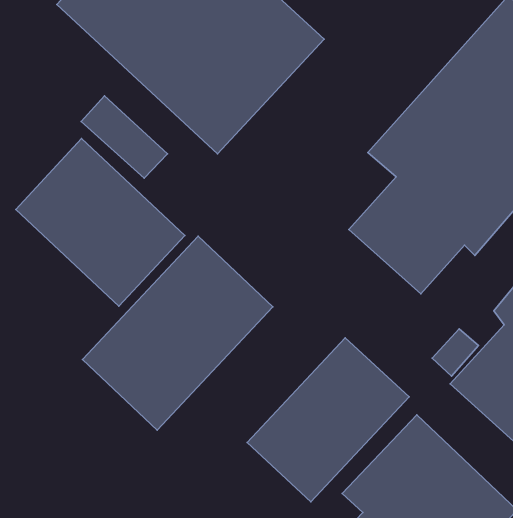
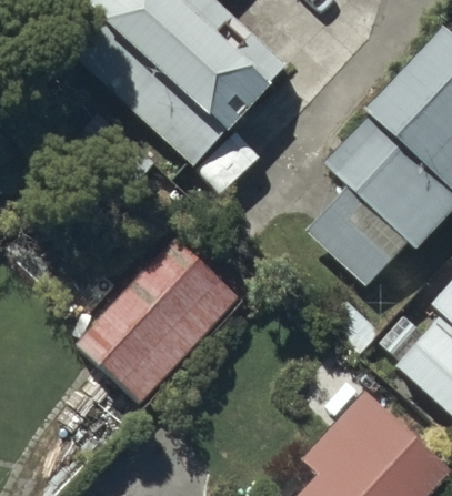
building: [16,139,185,306] -> none
building: [247,338,409,502] -> none

